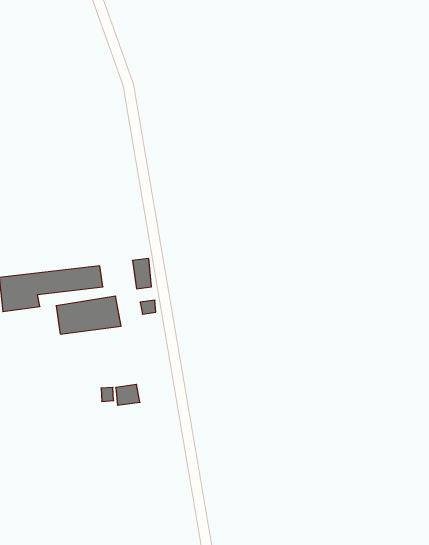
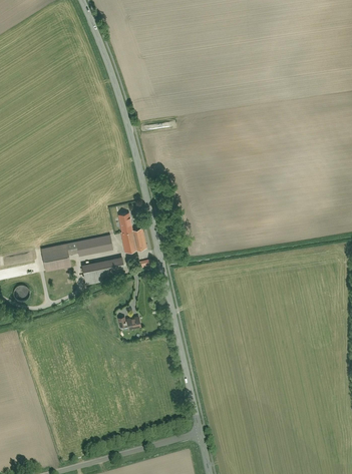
building: none -> [116,213,136,253]

